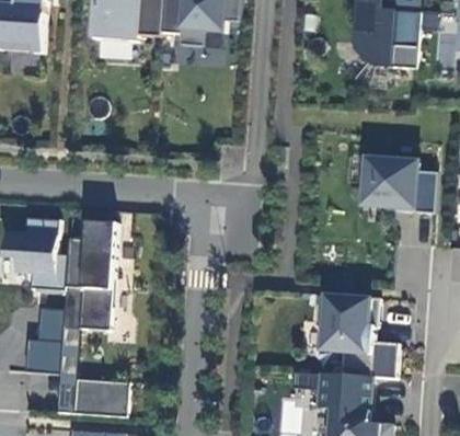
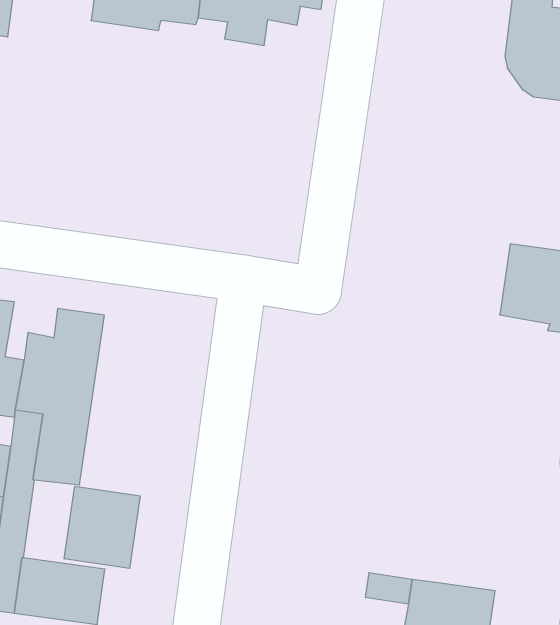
building: [313,295,396,379] -> none
building: none -> [64,486,140,568]

